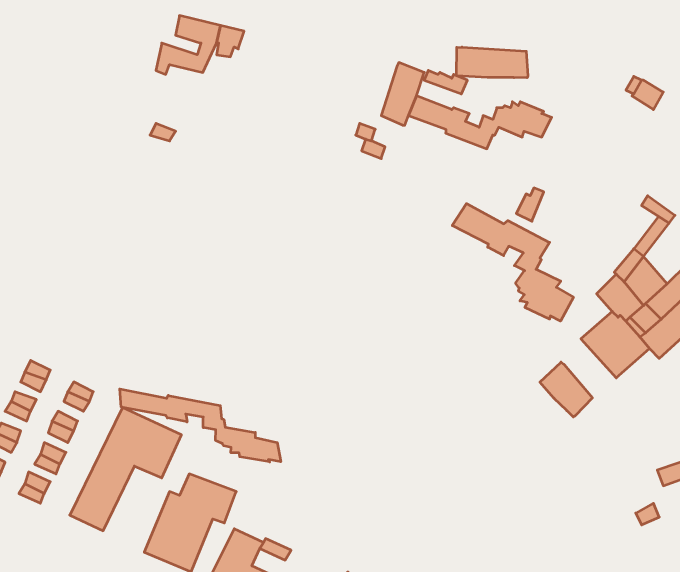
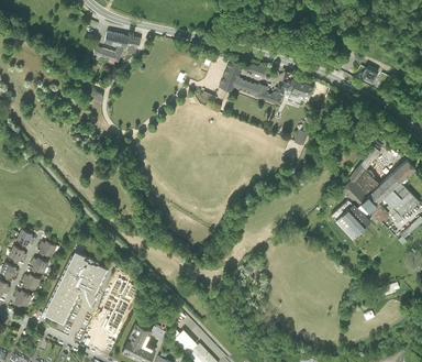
building: [457,47,528,78] -> none
building: [452,204,573,321] -> none
building: [540,362,592,417] -> none
building: [120,389,281,462] -> none

